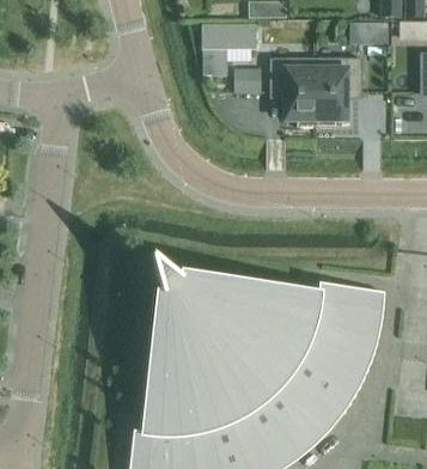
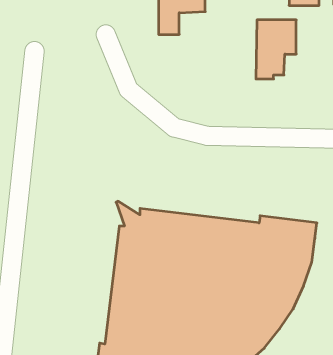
building: [269,55,316,124] -> none
building: [233,65,261,91] -> none

